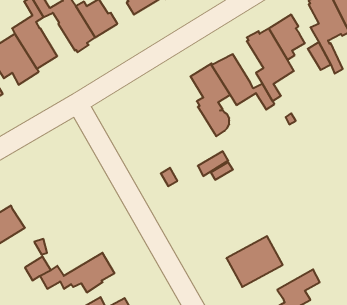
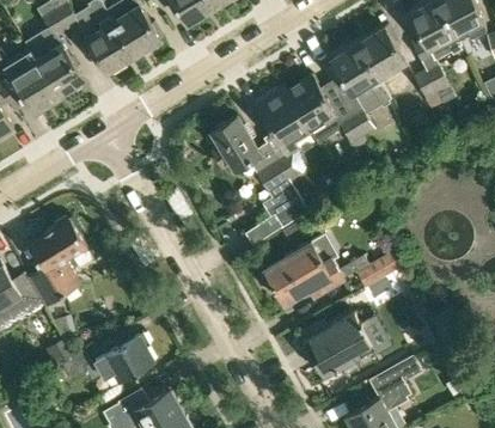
building: none -> [209,116,286,191]
building: none -> [25,219,86,307]
building: none -> [263,241,407,304]

